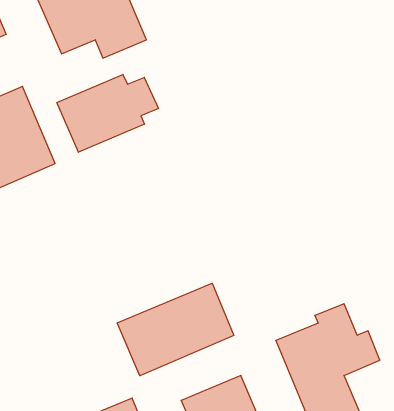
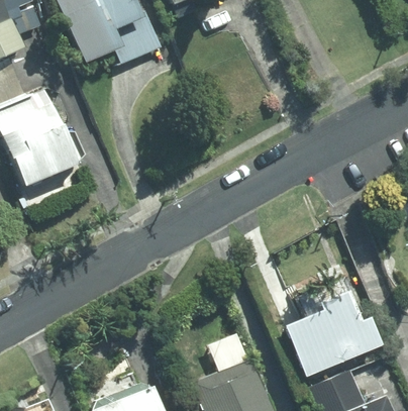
building: [57,74,158,152] -> none
building: [117,283,234,376] -> none

